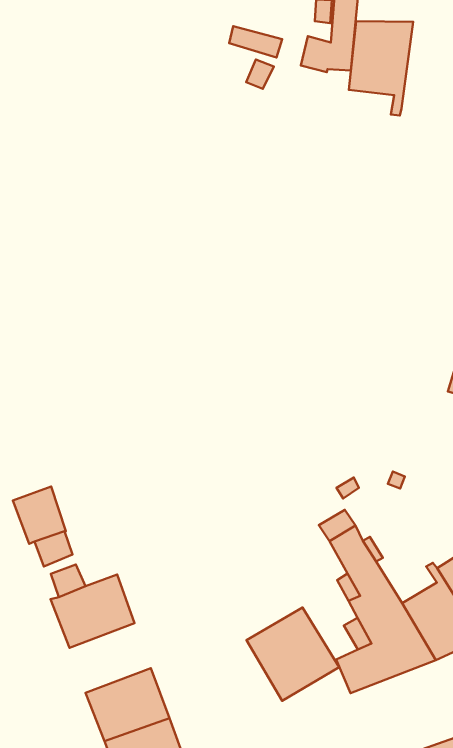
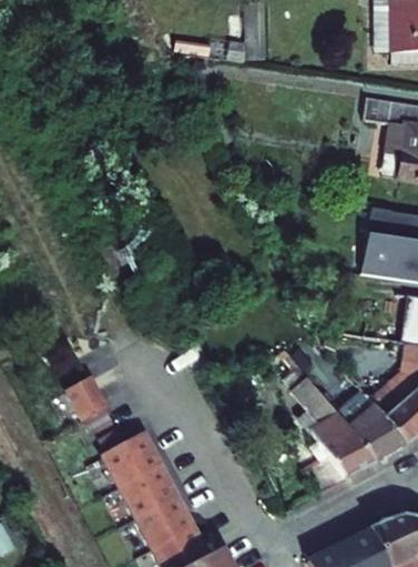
building: [349,21,413,115] -> none
building: [246,608,339,701] -> none
building: none -> [120,465,179,518]

